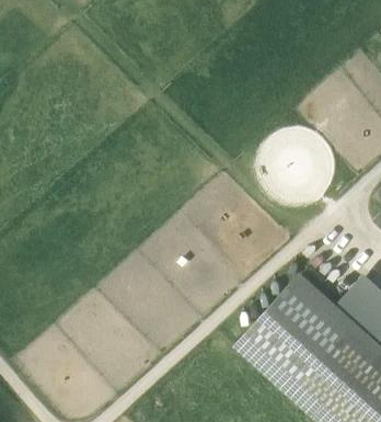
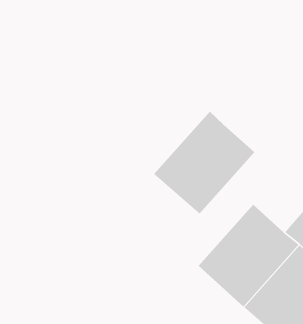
building: none -> [153,111,255,214]

